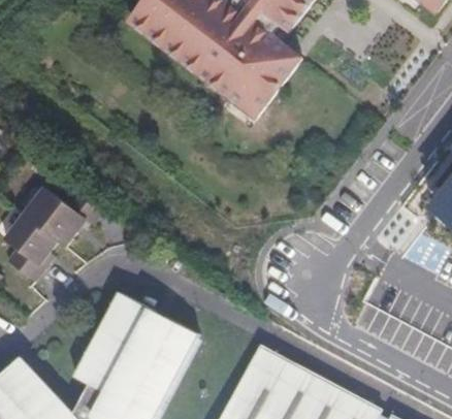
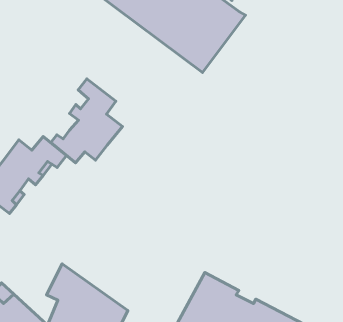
building: none -> [51,79,122,163]
building: [91,293,200,396] -> none

